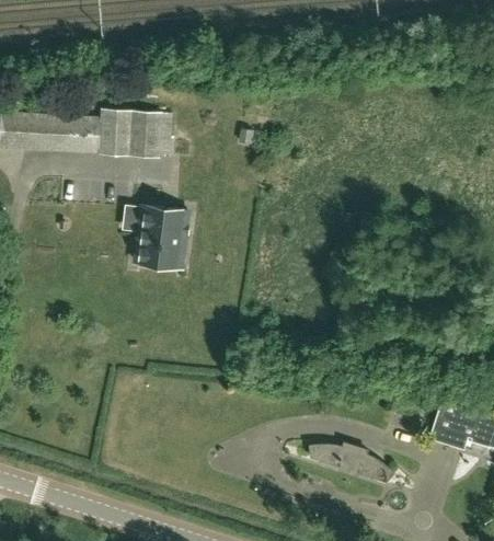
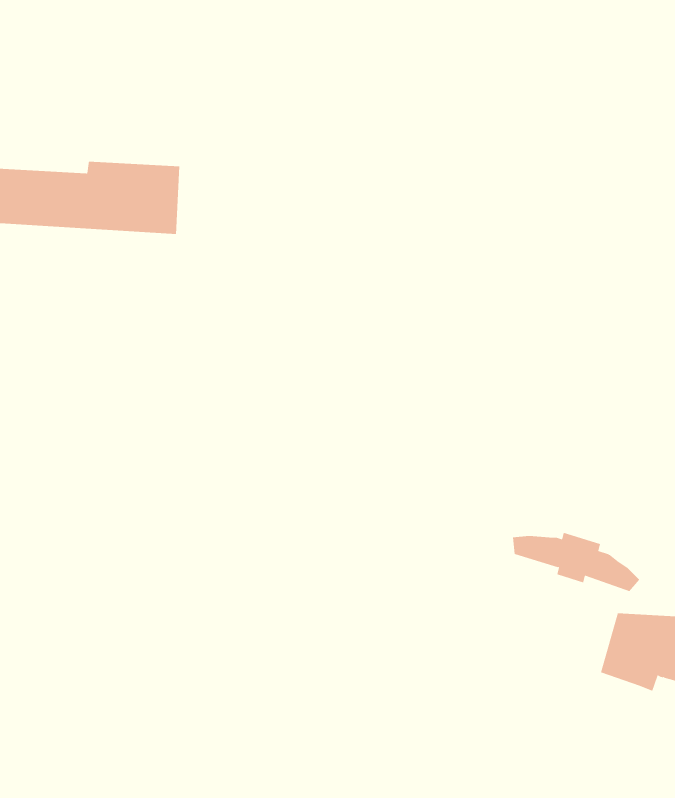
building: [135,208,187,270] -> none
building: [310,442,392,481] -> [512,532,640,592]

